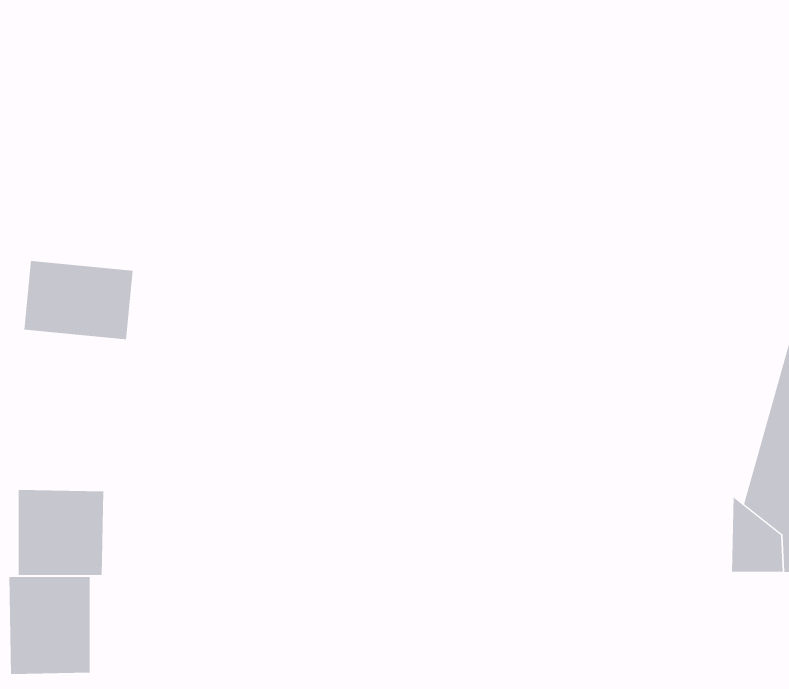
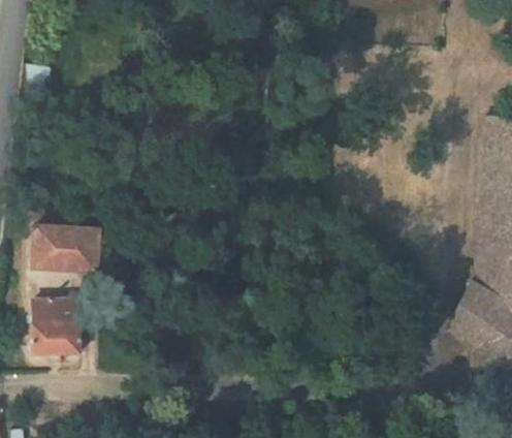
building: [24,260,133,340] -> [38,222,105,271]
building: [9,576,90,675] -> none

